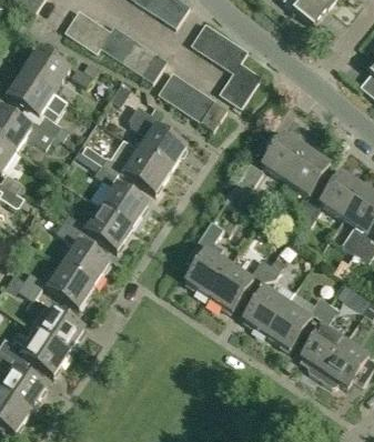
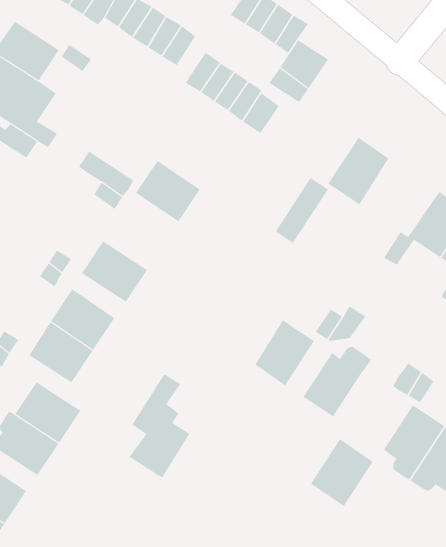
building: [129,104,185,169] -> none
building: [284,147,328,218] -> none
building: [100,182,146,227] -> none
building: [184,219,229,294] -> [128,373,190,479]
building: [265,300,311,349] -> [310,439,374,507]

